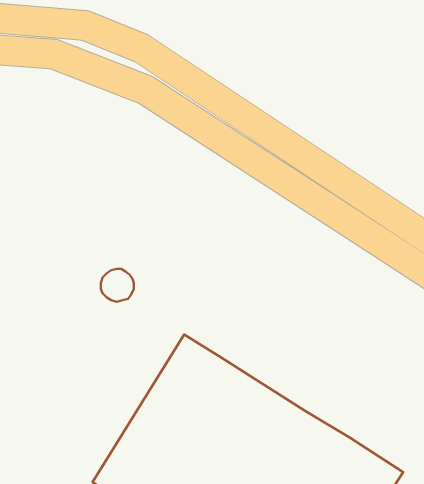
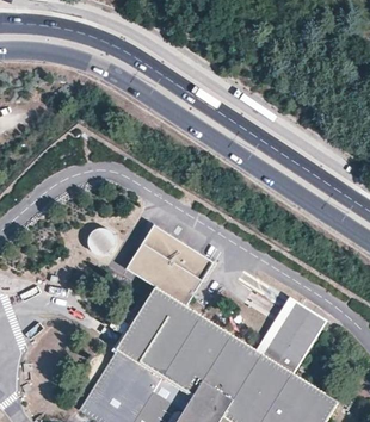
building: none -> [125,226,211,306]
building: none -> [254,297,326,373]

